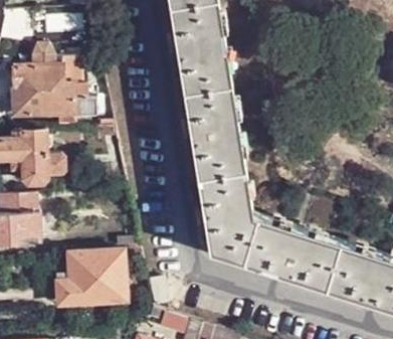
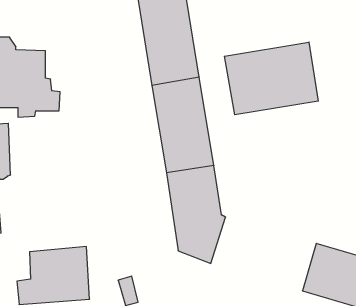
building: none -> [224,42,318,115]
building: [240,222,341,293] -> none

